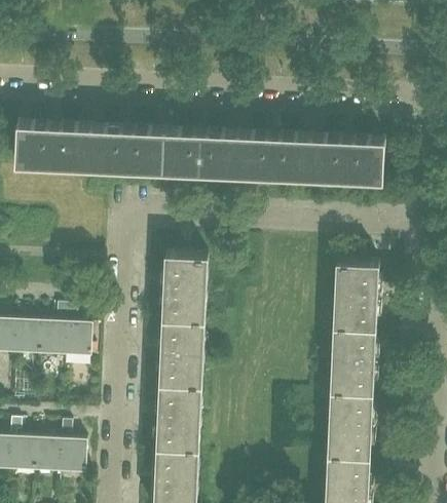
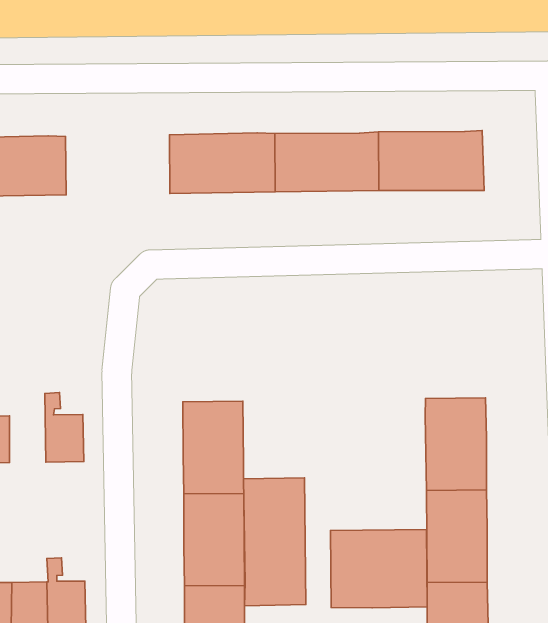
building: [88,128,163,172] -> none
building: [162,255,207,321] -> none
building: [333,262,378,328] -> none
building: [38,307,66,356] -> none
building: none -> [244,478,306,606]
building: none -> [331,530,427,608]

